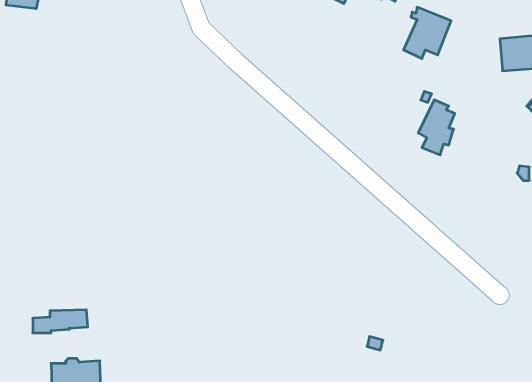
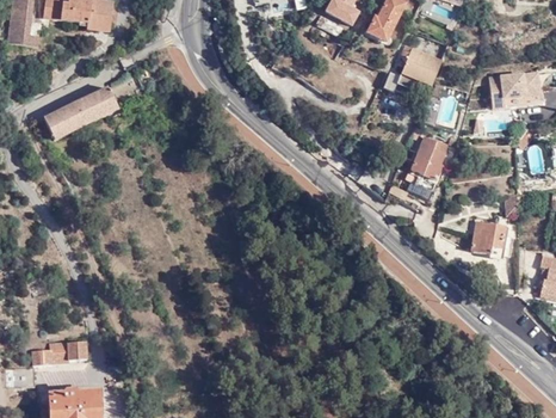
building: none -> [45,86,118,139]
building: none -> [472,220,514,256]

